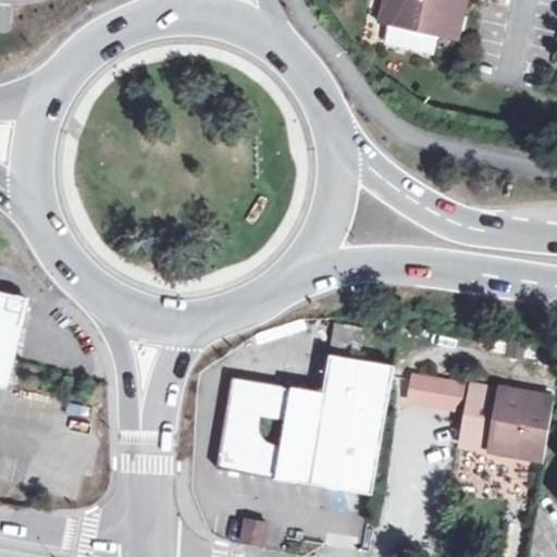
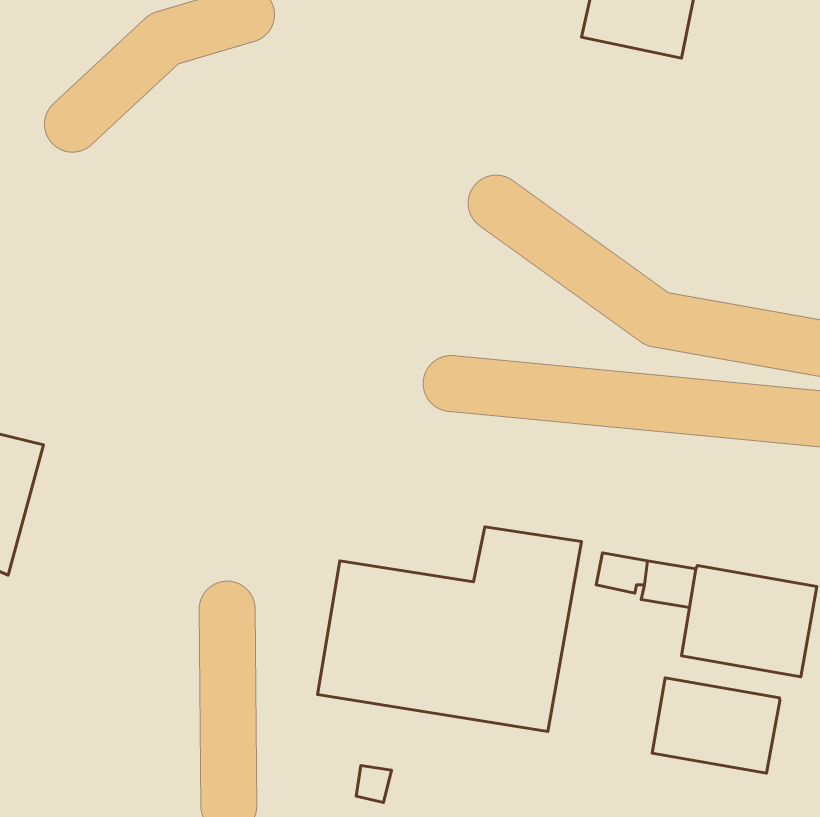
building: none -> [652,678,780,773]

